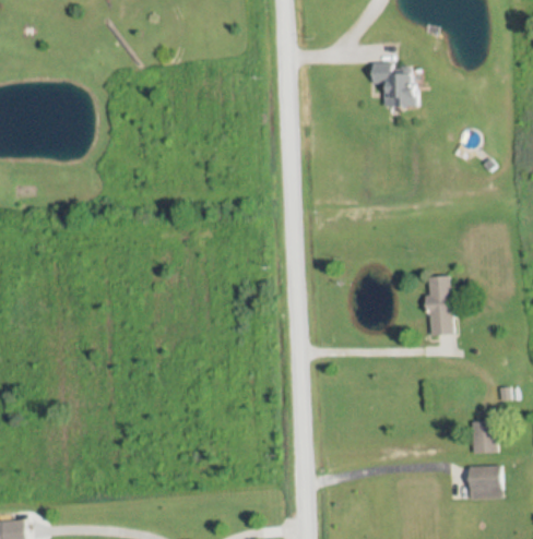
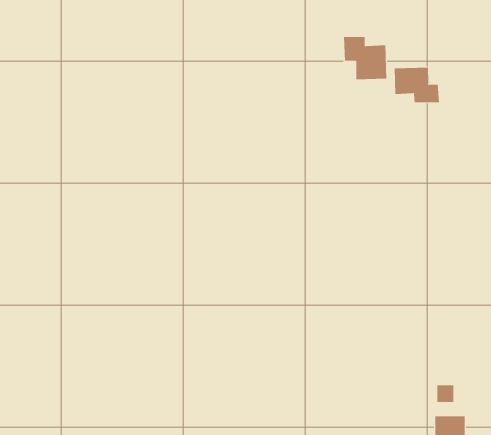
building: none -> [394,67,439,103]
building: [426,276,451,335] -> none

